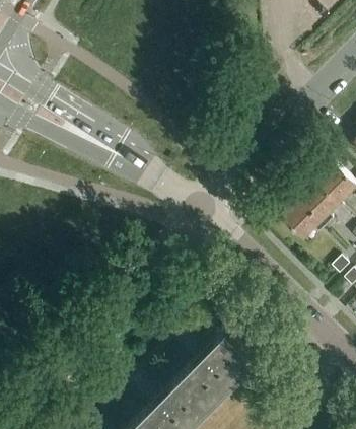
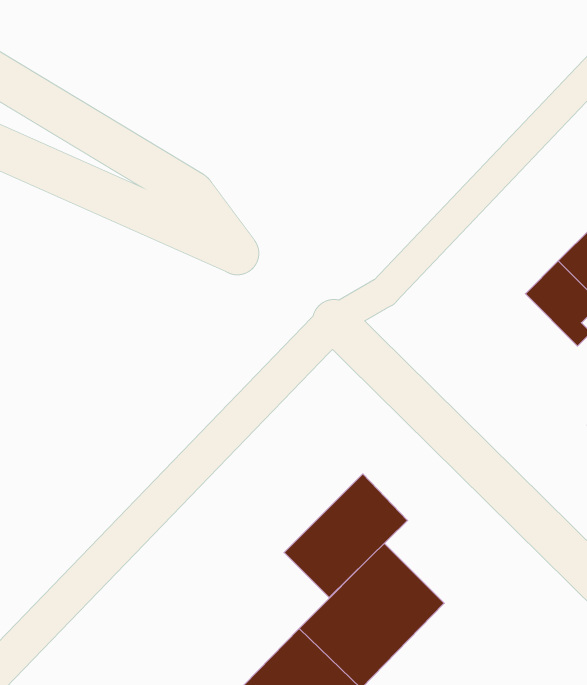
building: [281,196,327,236] -> none
building: none -> [284,474,408,597]

